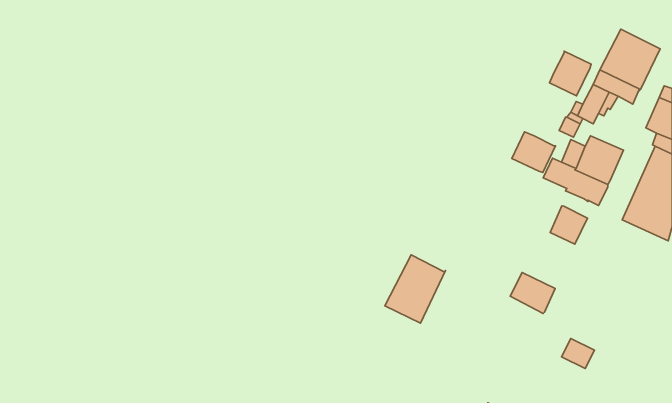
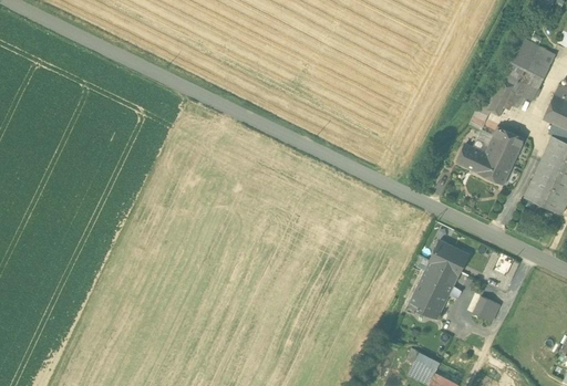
building: [550,51,591,96] -> none
building: [512,132,555,172] -> none
building: [550,206,588,244] -> none
building: [385,255,445,323] -> [408,262,458,320]

